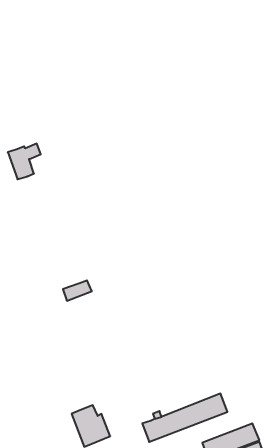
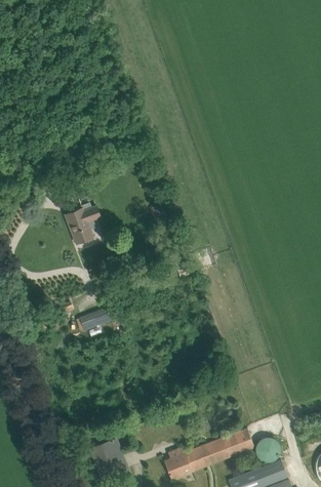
building: [8,144,41,179] -> [65,205,99,243]
building: none -> [255,437,280,461]

